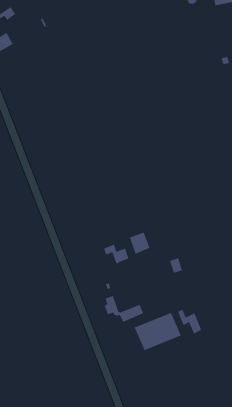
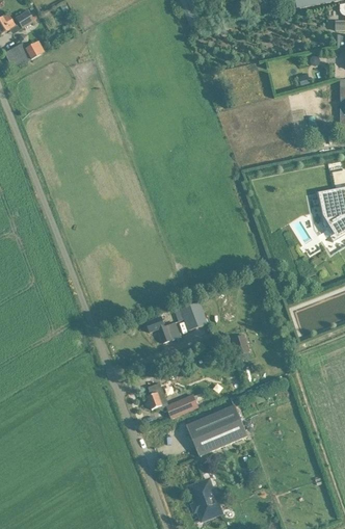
building: [177,308,202,334] -> none
building: none -> [188,478,220,520]

